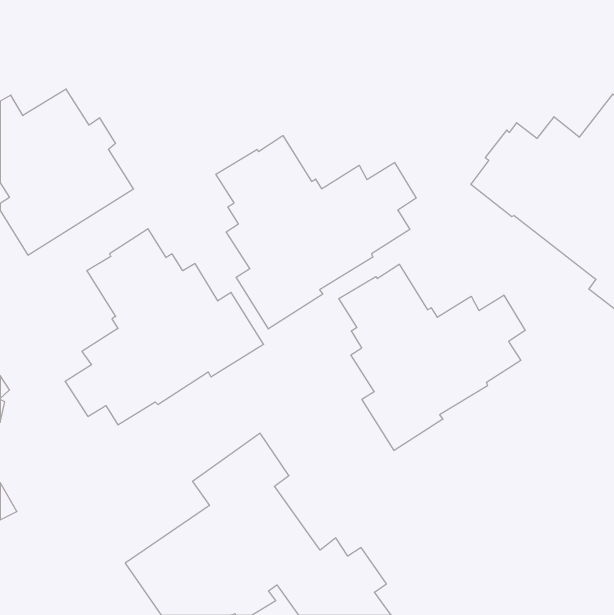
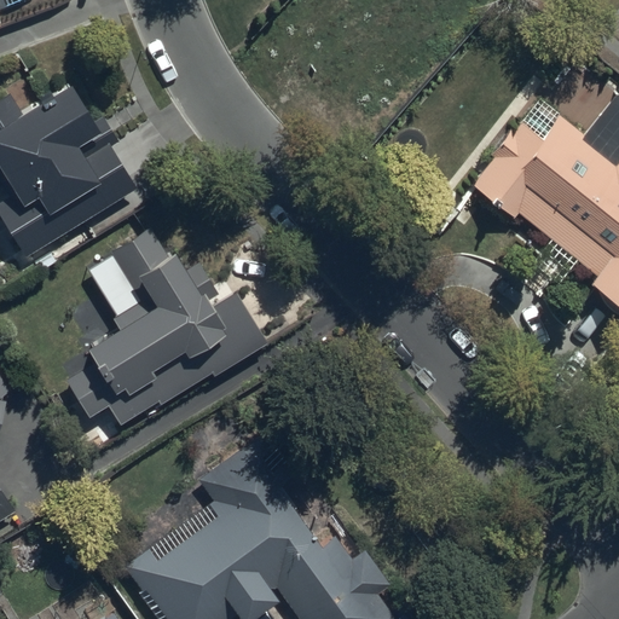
building: [216,136,416,329] -> none
building: [339,264,525,451] -> none

